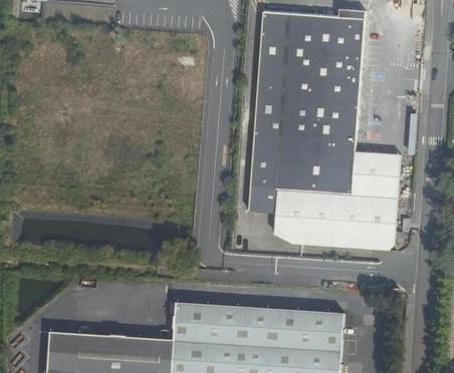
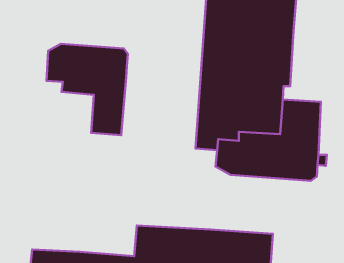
building: none -> [46,44,128,135]

